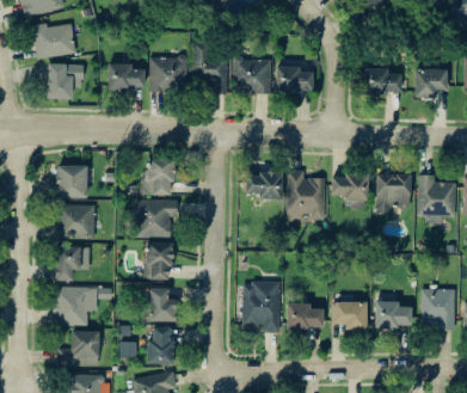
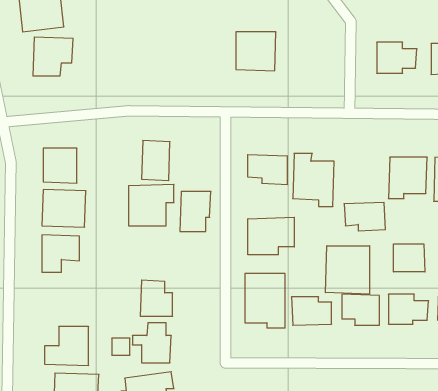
building: [192,42,228,93] -> none
building: [149,56,188,91] -> none
building: [107,63,145,91] -> none
building: [276,66,313,93] -> none
building: [331,174,369,201] -> [344,202,385,231]
building: none -> [248,217,294,255]
building: [145,242,173,280] -> [180,191,211,231]
building: none -> [394,244,425,272]
building: none -> [325,246,370,294]
building: [53,287,98,326] -> none

